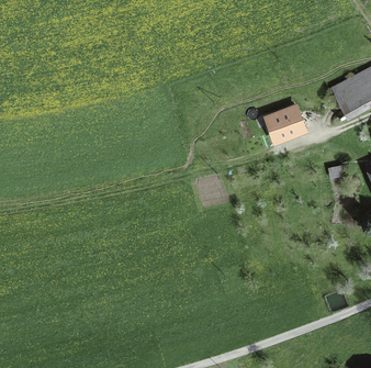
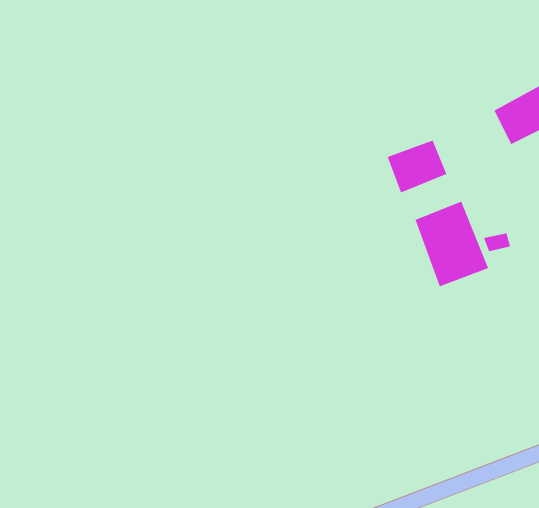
building: none -> [415,201,489,287]

